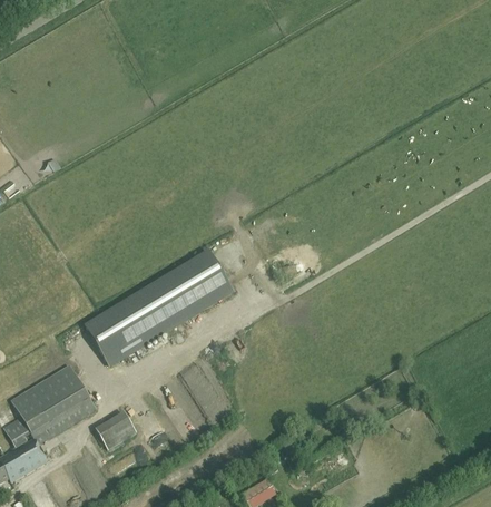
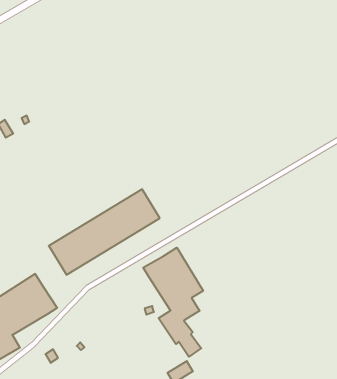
building: none -> [143,248,203,357]
building: [96,413,136,449] -> none

